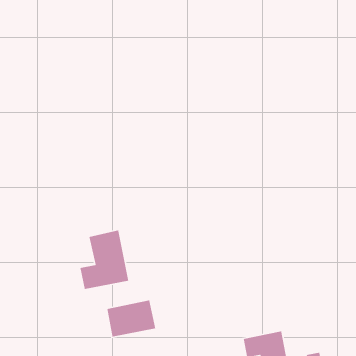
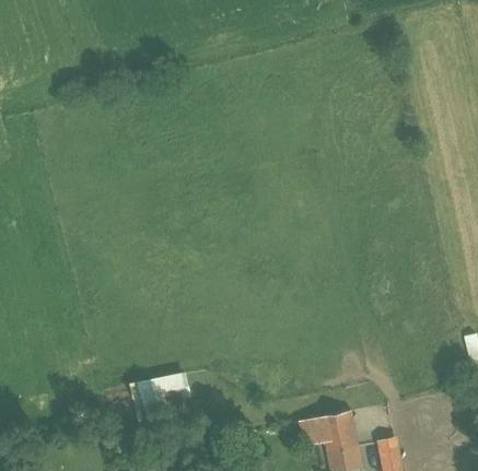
building: [79,230,129,290] -> none

